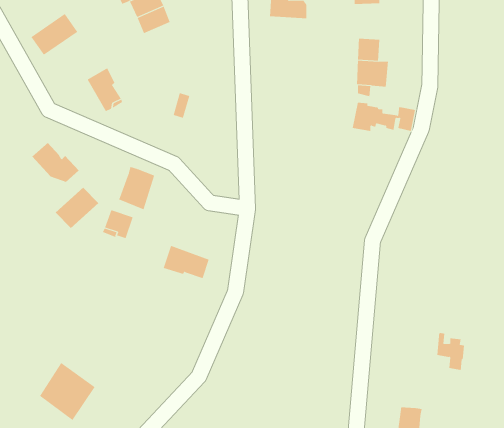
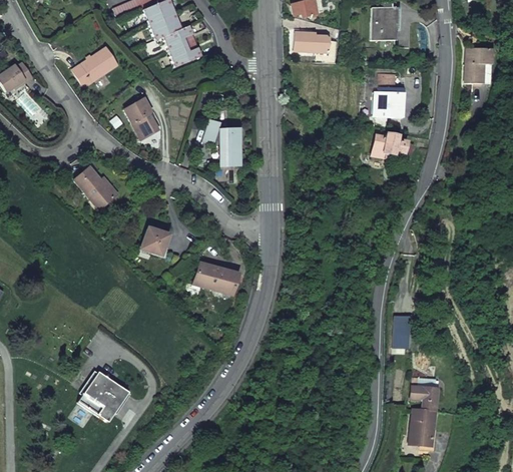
building: none -> [465,50,493,85]
building: none -> [220,129,239,165]
building: [118,166,155,210] -> none
building: [55,187,99,229] -> none
building: none -> [394,315,413,347]
building: [436,333,465,370] -> [411,378,437,413]

